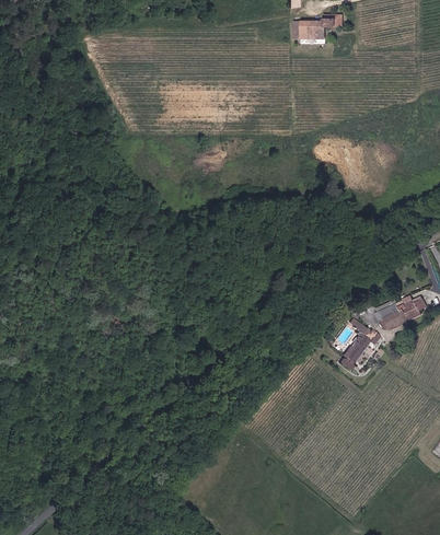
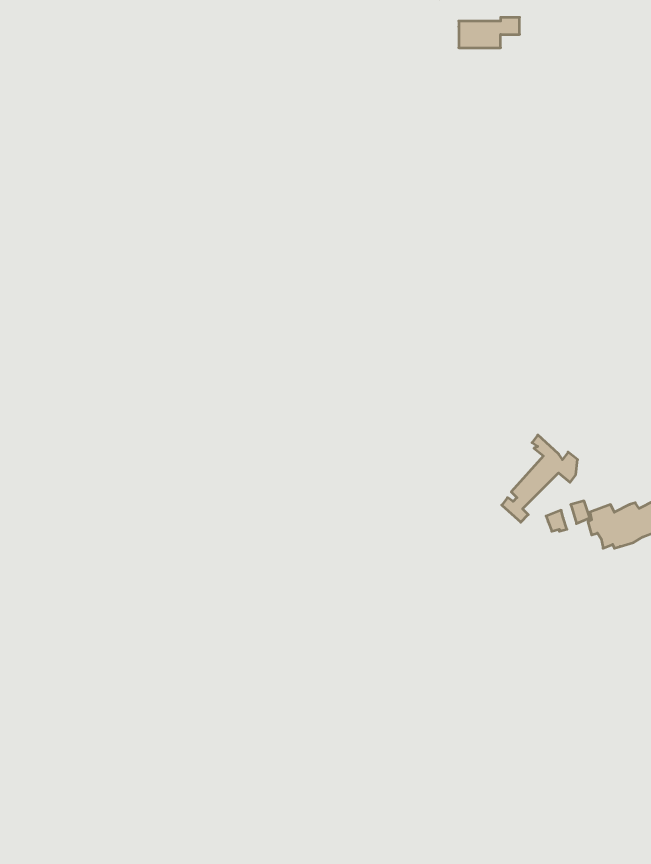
building: [335,321,379,371] -> [502,435,578,522]

